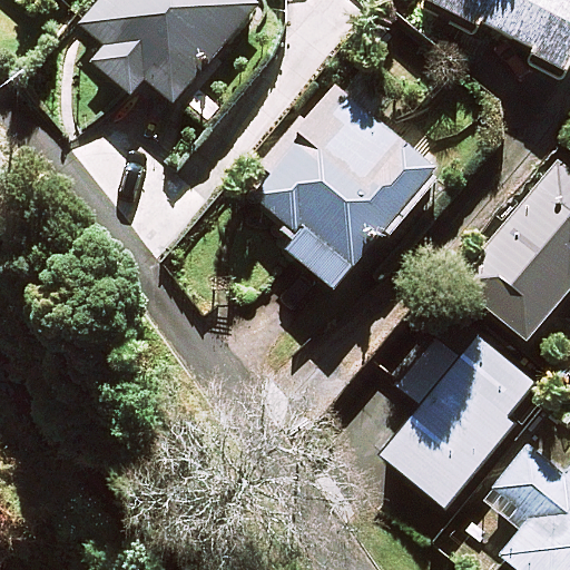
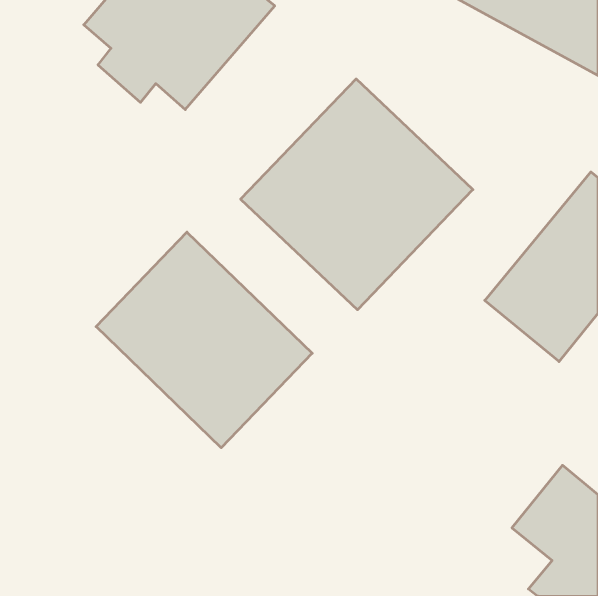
building: none -> [96,232,312,448]
building: [384,330,537,508] -> none

